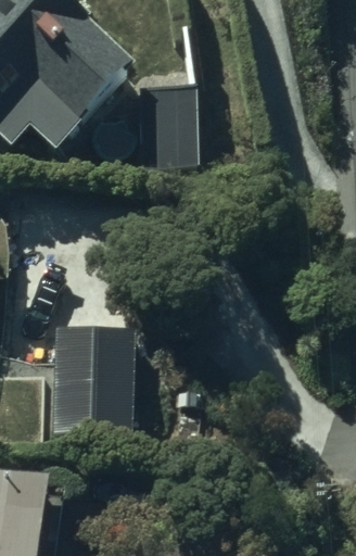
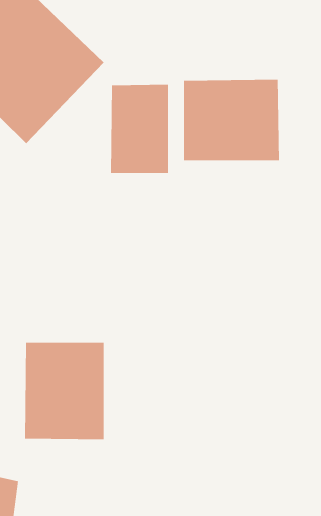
building: none -> [183,79,279,161]

